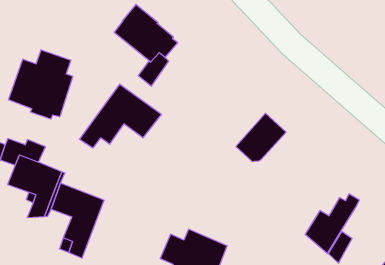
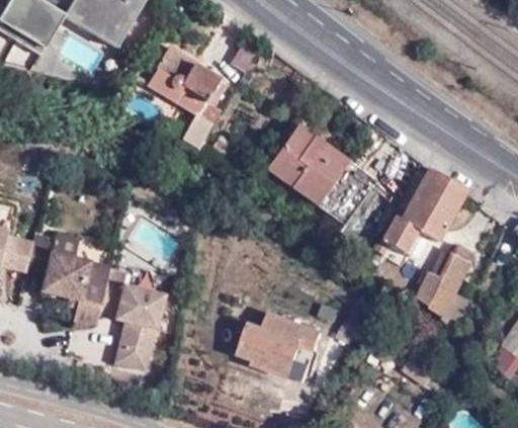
building: [8,50,73,119] -> none
building: none -> [263,123,346,205]
building: [80,84,161,148] -> none
building: none -> [381,169,468,253]

